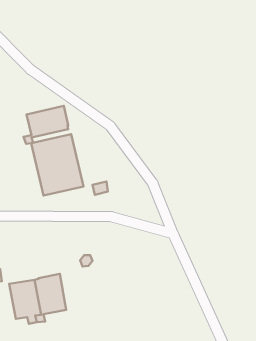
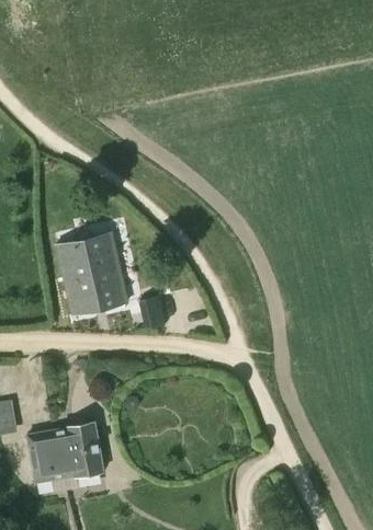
building: [24,106,68,144] -> none

